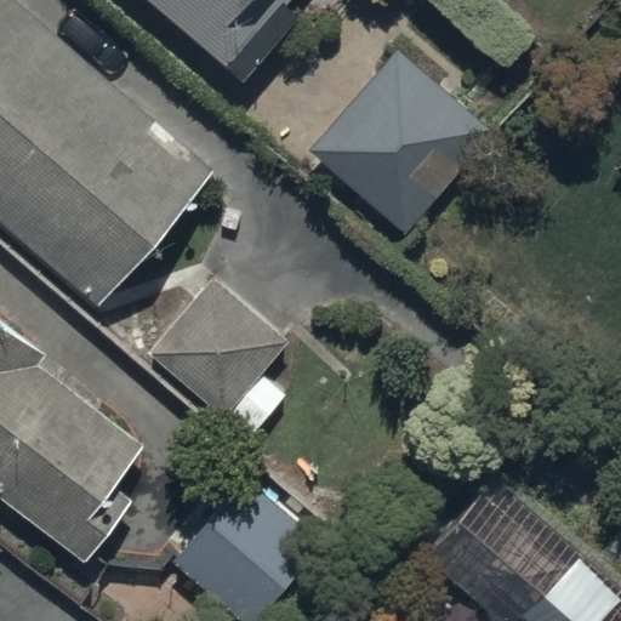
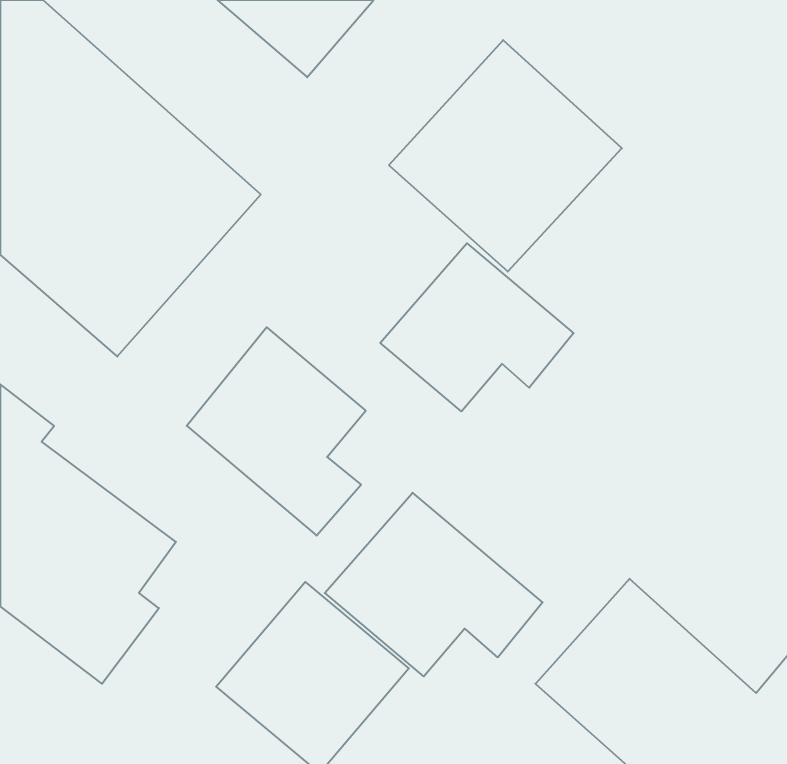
building: none -> [380,243,574,411]
building: none -> [325,493,543,676]

